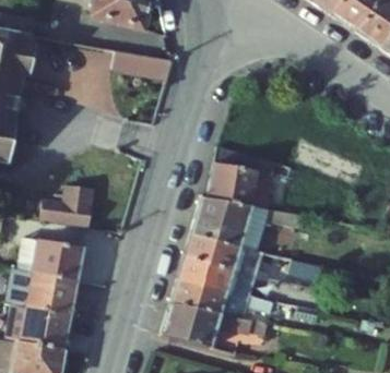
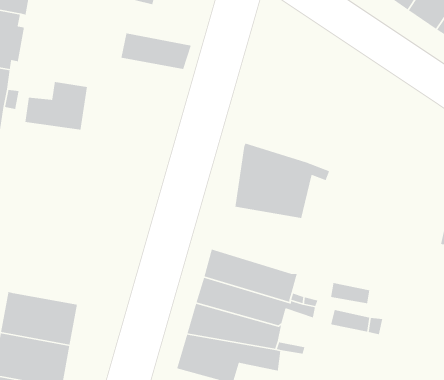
building: [43,188,96,229] -> [24,81,88,130]
building: [191,196,302,253] -> none
building: [21,237,84,279] -> none

